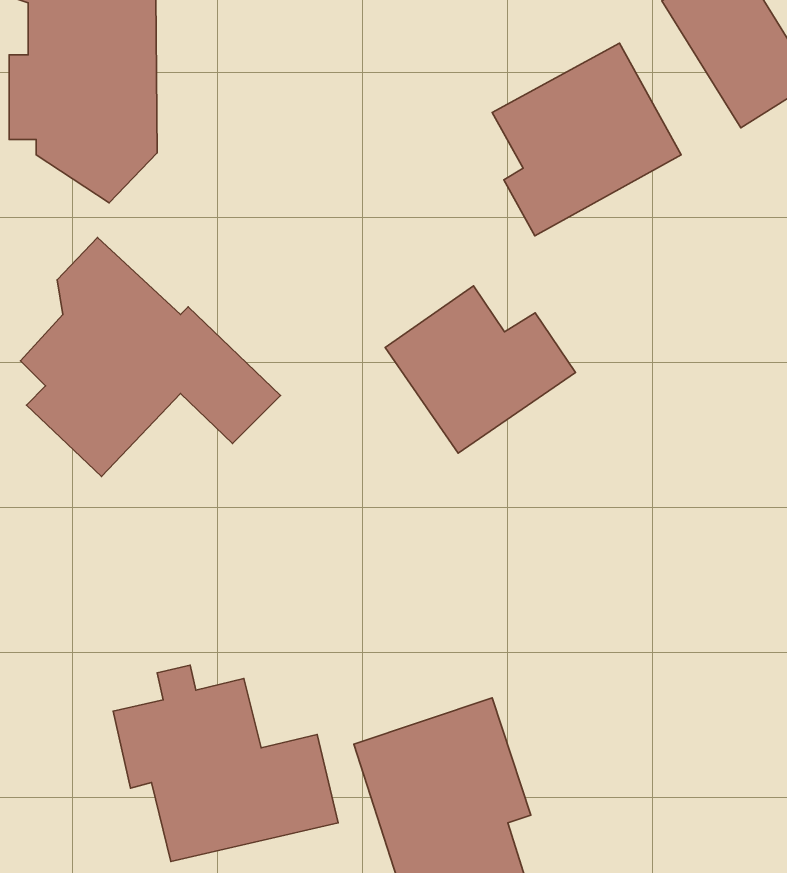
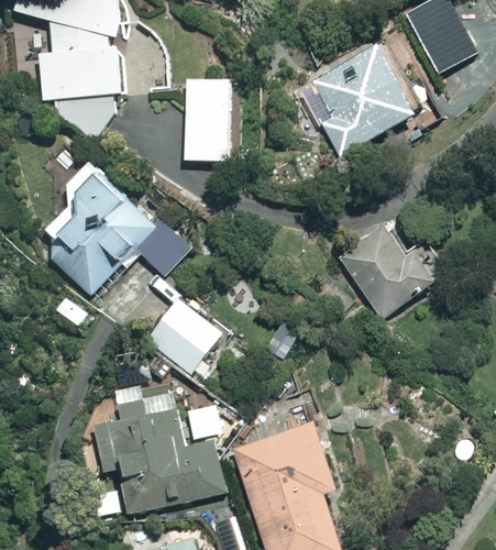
building: none -> [184,78,230,161]
building: [385,286,576,453] -> [339,223,448,319]
building: none -> [144,299,222,376]

